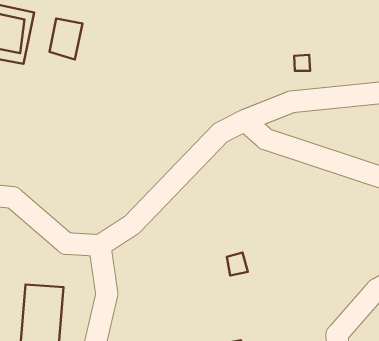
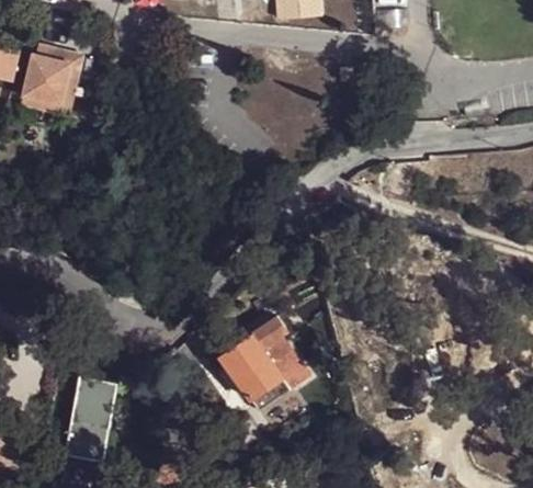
building: [50,18,82,60] -> none
building: none -> [222,315,299,397]

